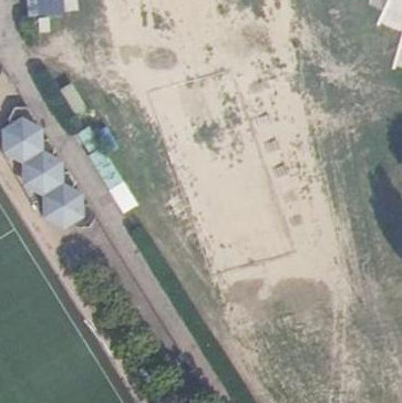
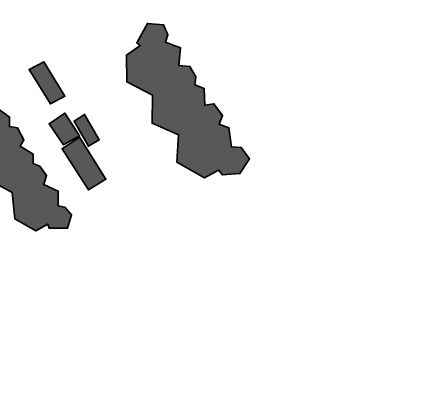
building: none -> [127,24,250,178]

